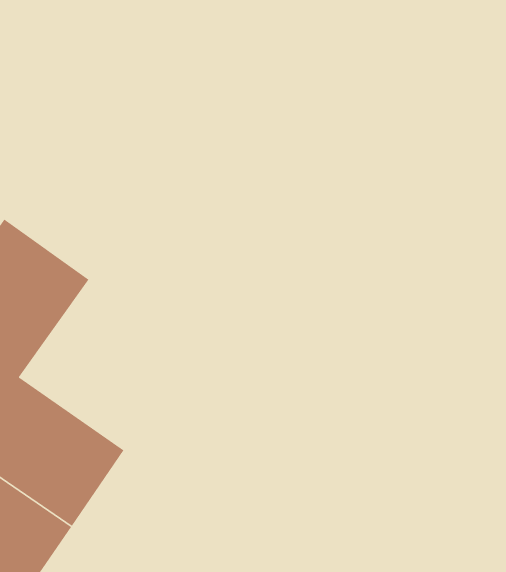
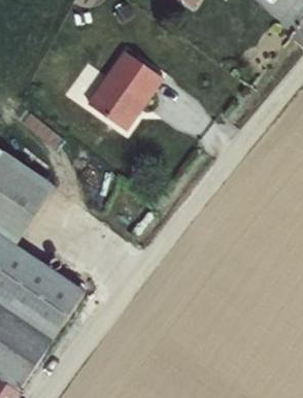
building: none -> [93,47,168,126]

